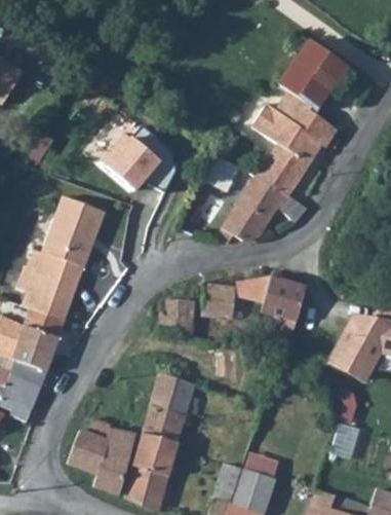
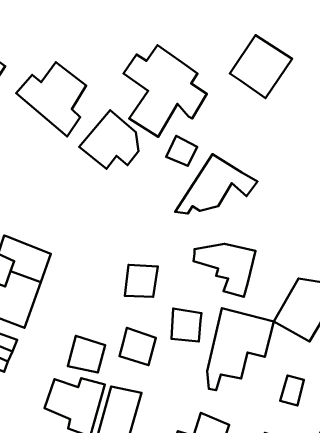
building: none -> [16,62,86,136]
building: [250,93,344,195] -> [124,45,207,137]
building: [26,194,105,287] -> none
building: [202,282,236,319] -> [171,308,202,341]
building: none -> [207,308,274,390]
building: [143,402,185,443] -> [68,336,105,373]

